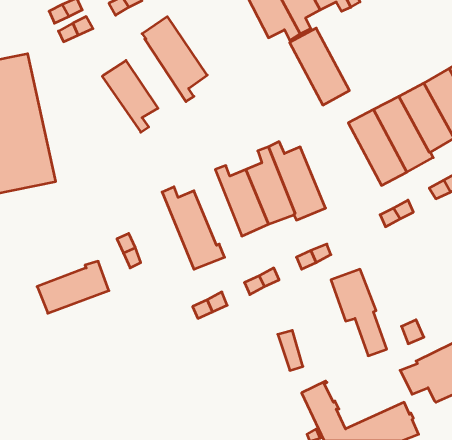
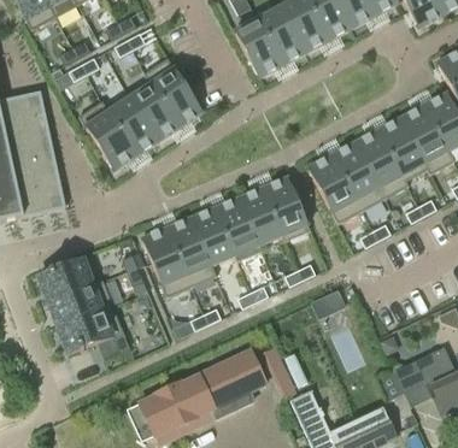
building: [290,28,349,105] -> [307,154,362,224]
building: none -> [127,78,184,141]
building: none -> [80,101,143,169]
building: none -> [192,196,235,265]
building: none -> [141,217,192,297]
building: none -> [40,259,94,302]
building: none -> [59,306,130,354]
building: none -> [140,349,266,436]

